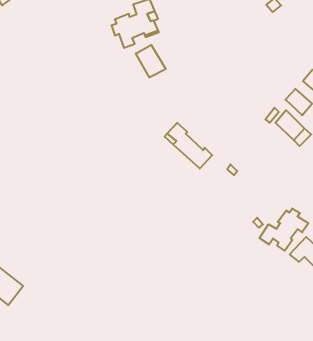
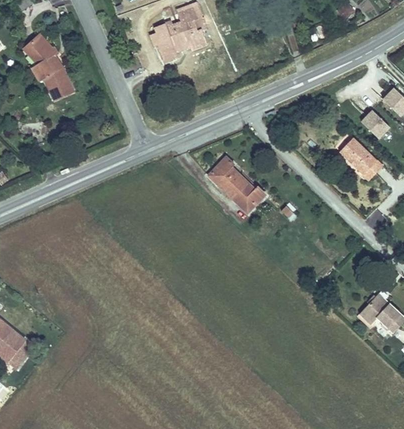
building: none -> [20,36,70,102]
building: [136,45,166,77] -> none
building: [259,208,308,251] -> none

